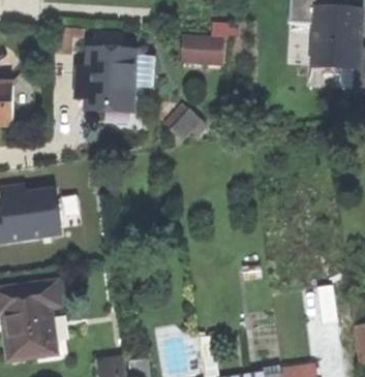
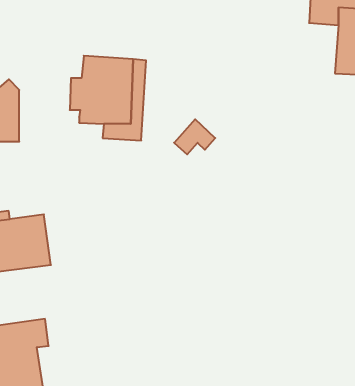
building: [182,37,223,63] -> none

